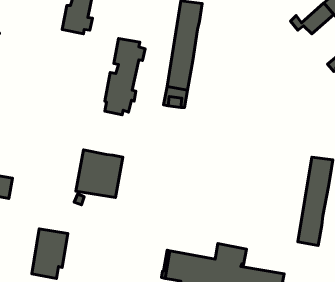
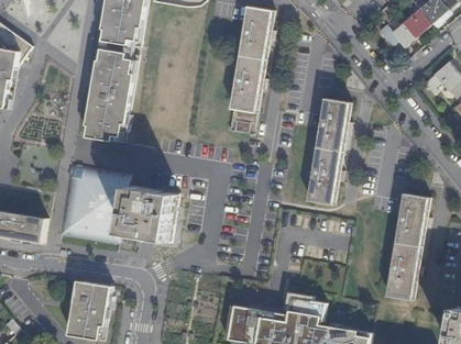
building: [105,39,145,115] -> [86,49,134,141]
building: none -> [307,98,349,204]
building: none -> [57,164,128,244]

